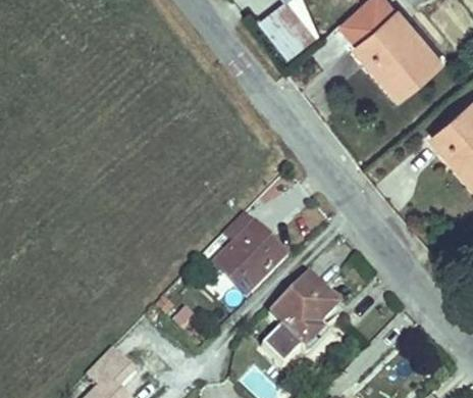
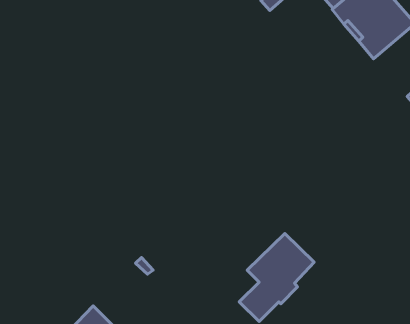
building: [212,214,283,295] -> none

